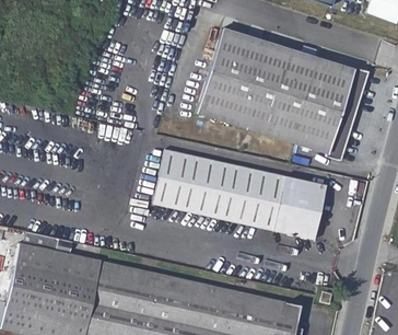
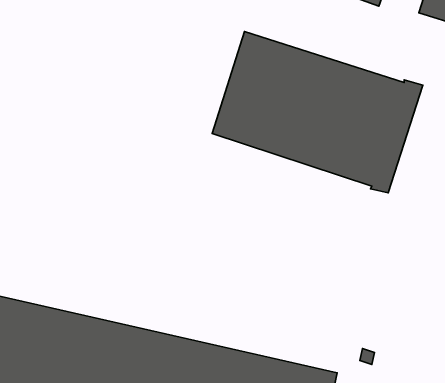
building: [153,149,326,239] -> none

